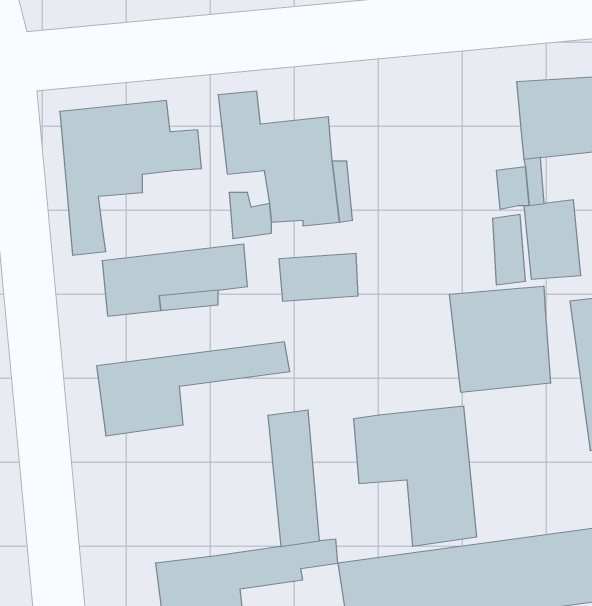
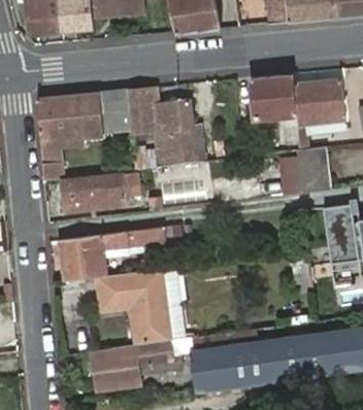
building: none -> [252,73,297,118]
building: none -> [98,90,132,136]
building: [449,286,550,392] -> none
building: [353,406,477,546] -> [93,269,162,347]

